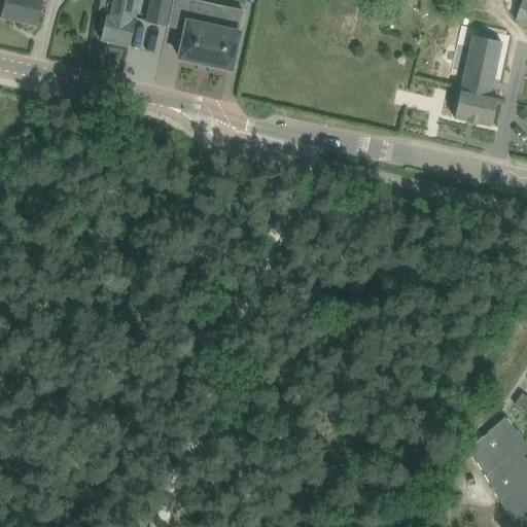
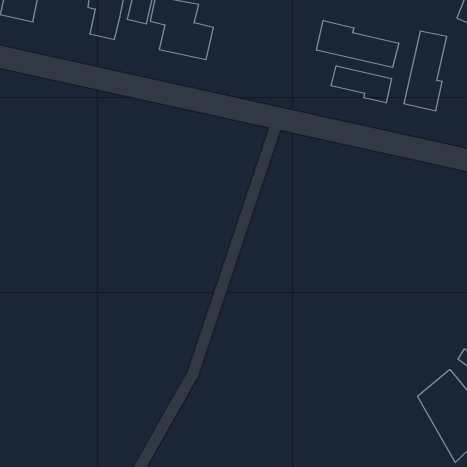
building: none -> [316,20,399,67]
building: none -> [331,66,392,103]

